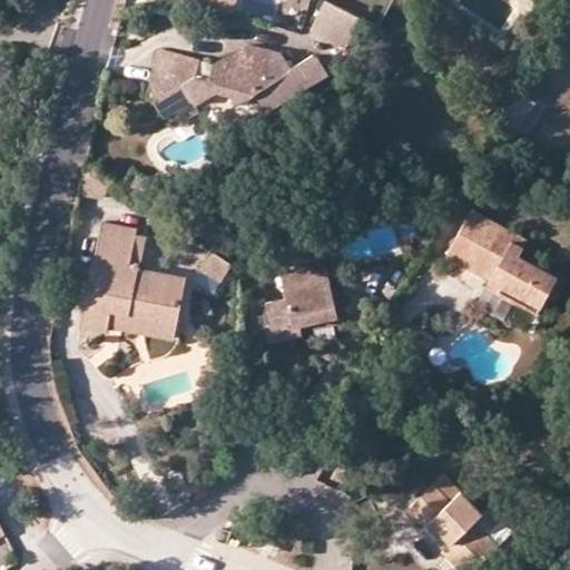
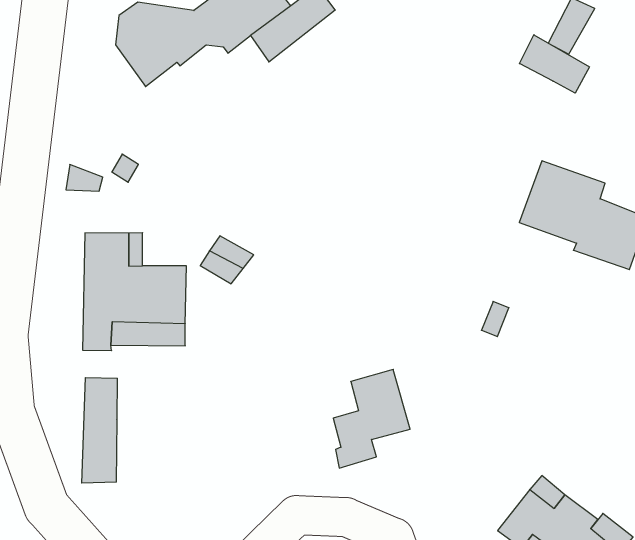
building: none -> [519,35,589,93]
building: [274,268,336,343] -> [333,369,410,468]
building: none -> [82,378,117,483]

